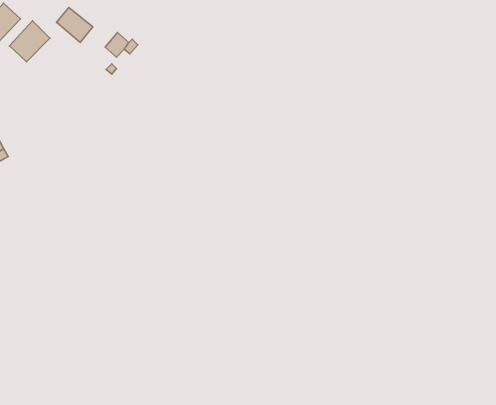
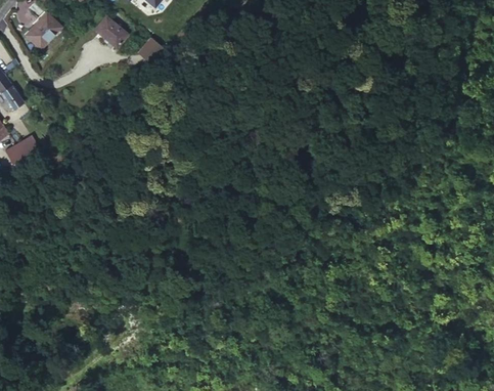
building: [9,21,50,62] -> none

